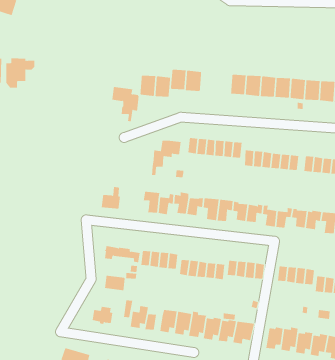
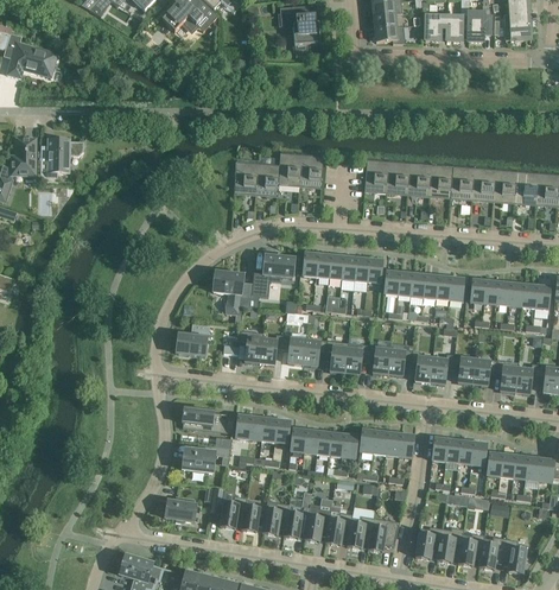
building: [112,87,140,122] -> [212,272,253,323]

